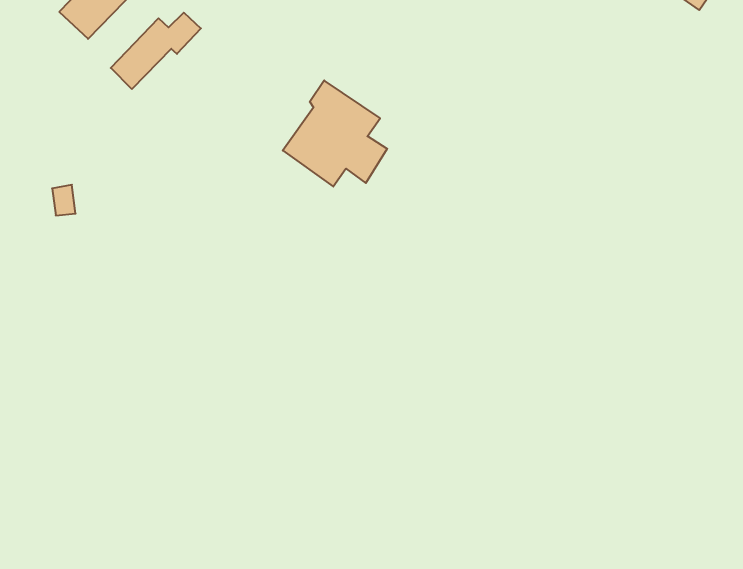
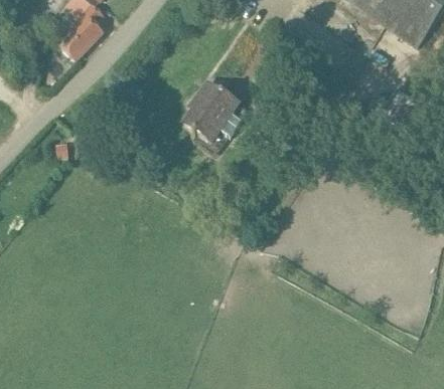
building: [111,13,201,89] -> none

